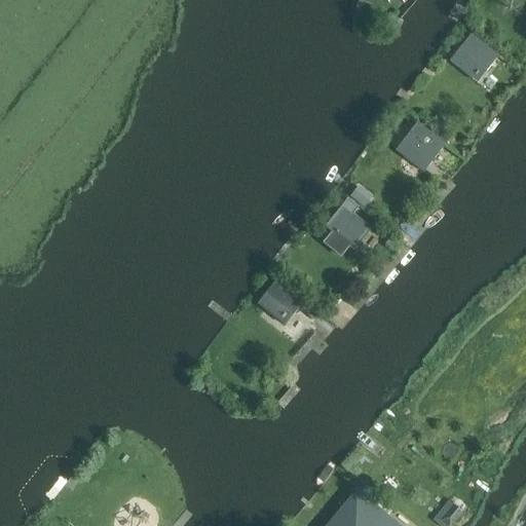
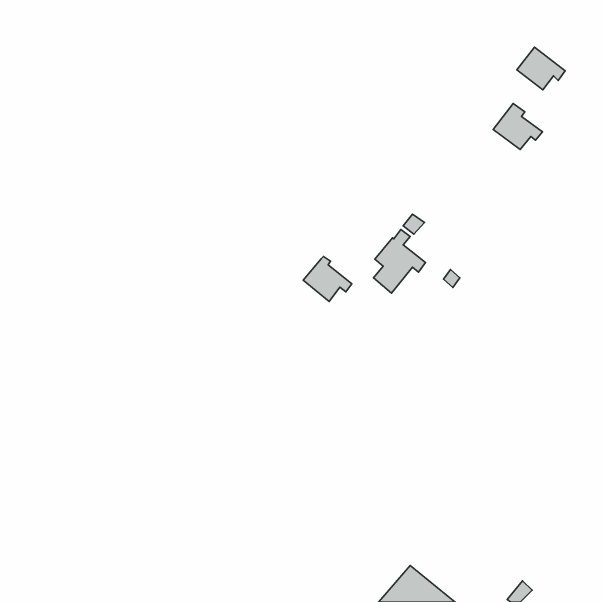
building: [396,126,439,166] -> [493,103,543,150]
building: [259,281,301,321] -> [303,256,352,301]

